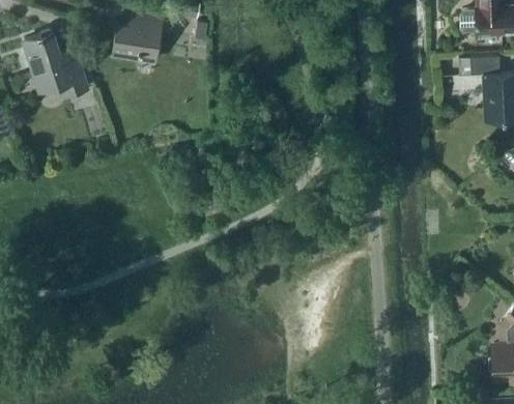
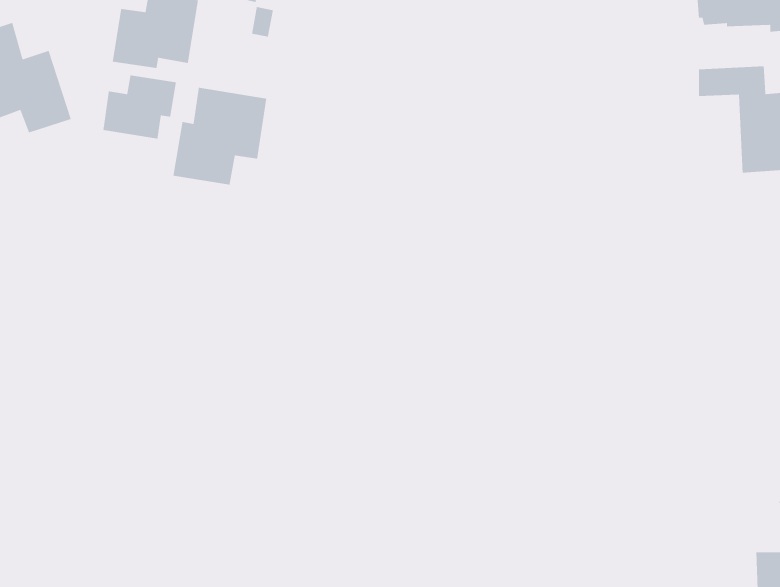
building: none -> [102,74,177,139]
building: none -> [172,87,267,185]

